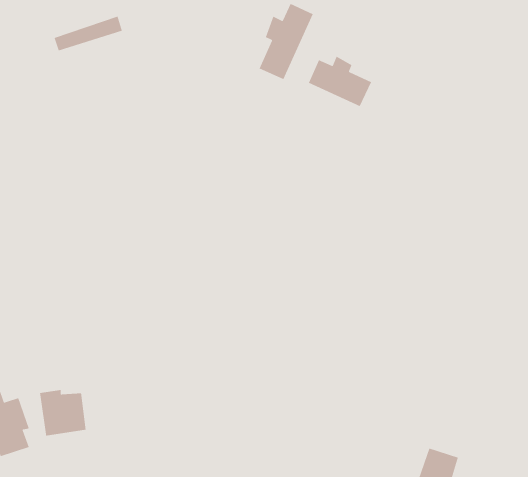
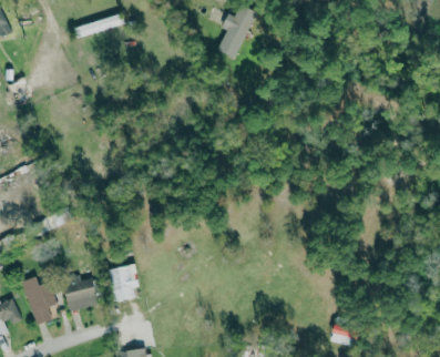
building: [308,55,372,107] -> none
building: none -> [110,266,134,300]

